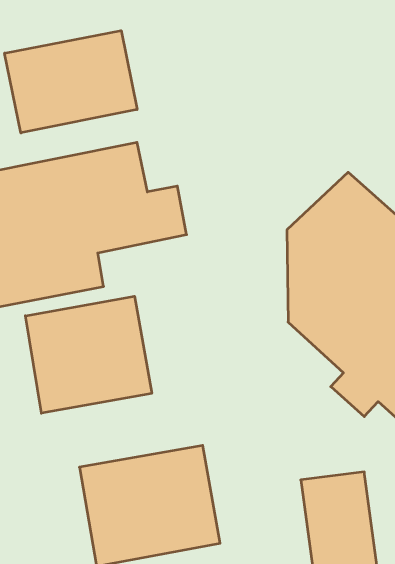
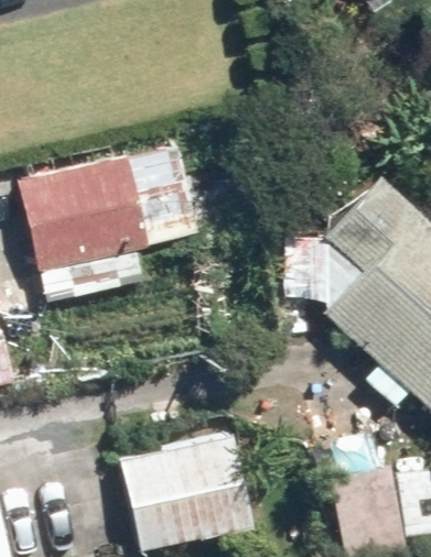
building: [5,31,137,133] -> none
building: [25,296,152,413] -> none

